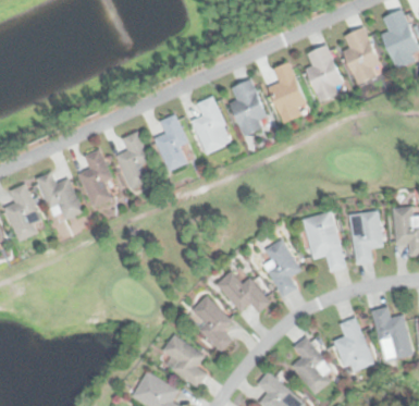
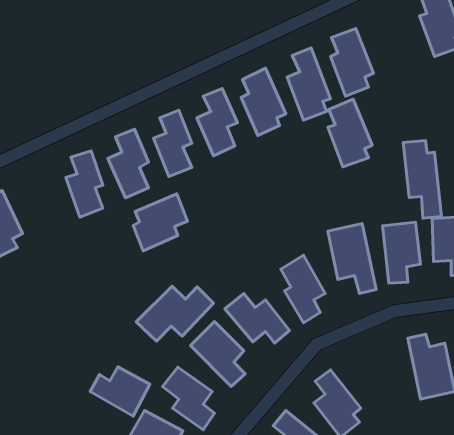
building: [343,26,381,84] -> [328,99,372,167]
building: none -> [403,140,441,218]
building: [37,172,84,220] -> none
building: none -> [133,194,187,251]
building: none -> [136,286,213,341]
building: [335,317,372,372] -> none
building: none -> [90,367,150,416]

